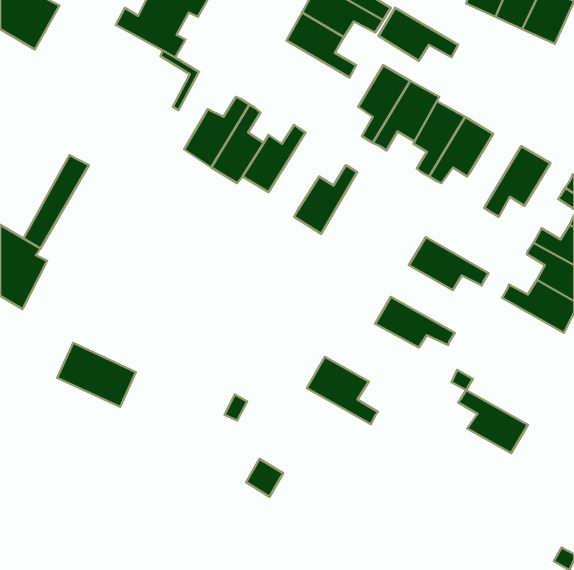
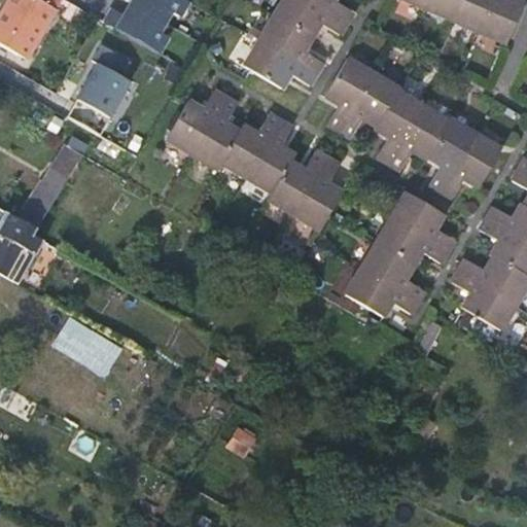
building: [378,8,458,61] -> [247,37,320,85]
building: none -> [76,59,132,114]
building: none -> [430,119,478,190]
building: none -> [246,121,296,192]
building: none -> [294,157,341,230]
building: none -> [390,192,453,250]
building: [307,357,378,424] -> [358,243,423,305]
building: [458,390,528,453] -> [453,273,517,330]

